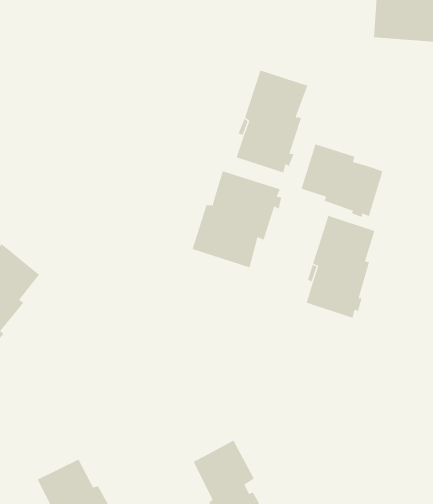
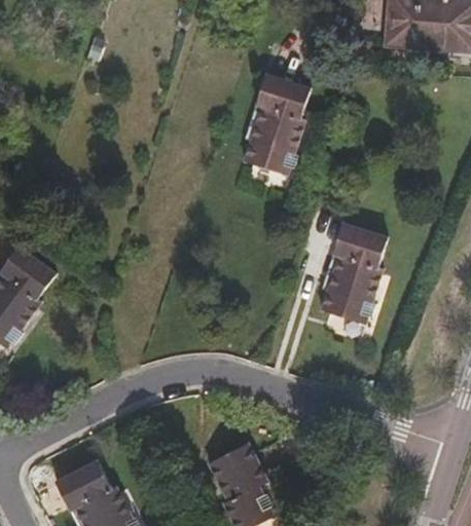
building: [301,143,383,218] -> none
building: [192,170,282,268] -> none

